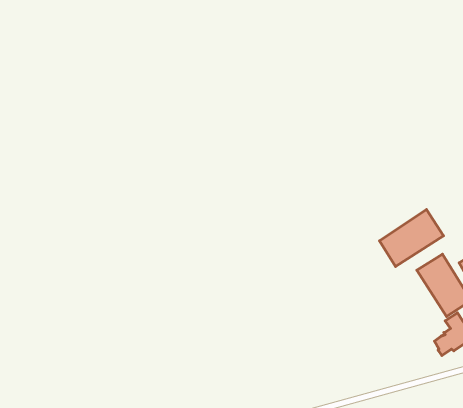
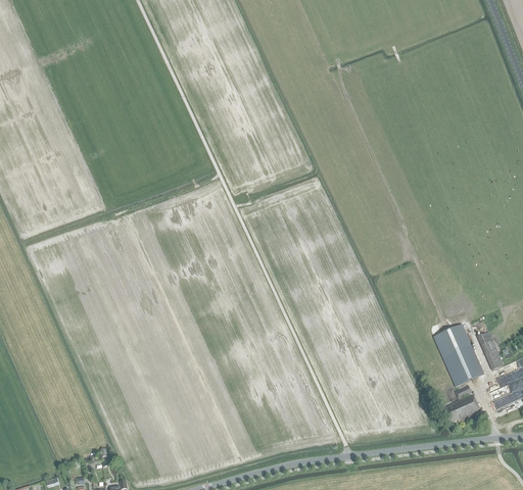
building: [380,209,444,266] -> none

